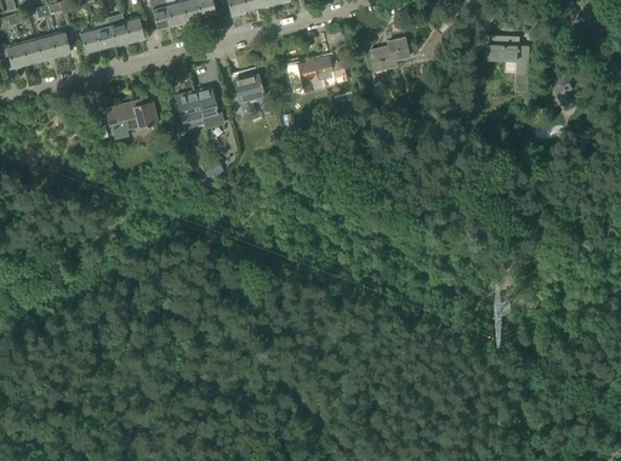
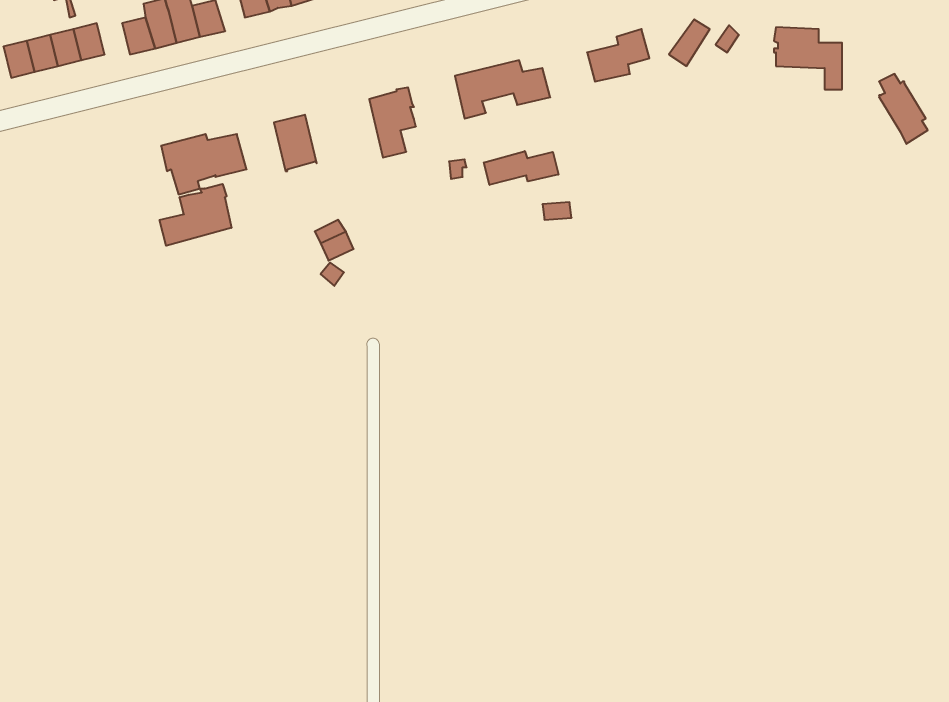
building: [194,86,223,127] -> none
building: none -> [484,151,558,185]
building: none -> [160,184,231,246]

